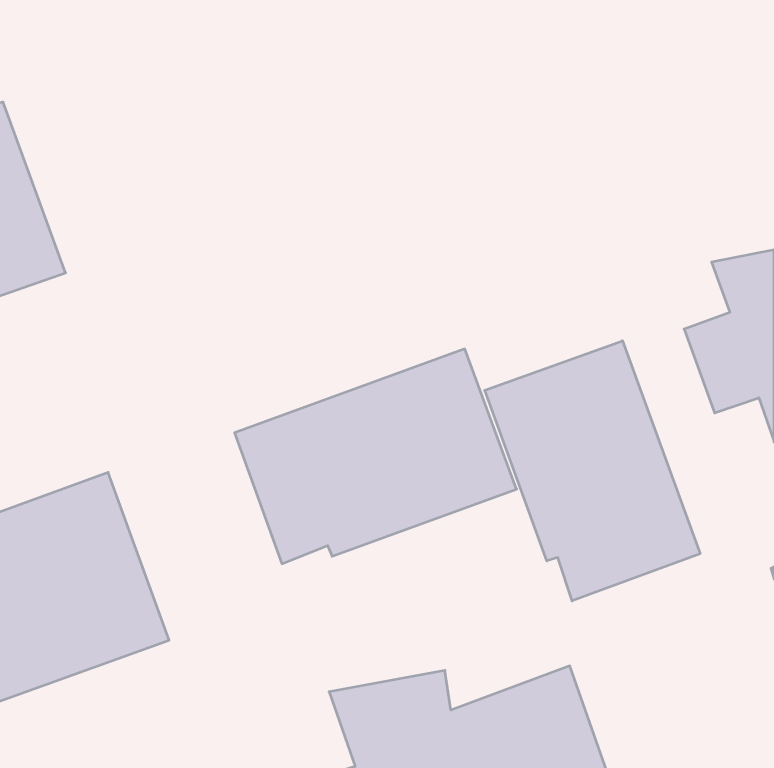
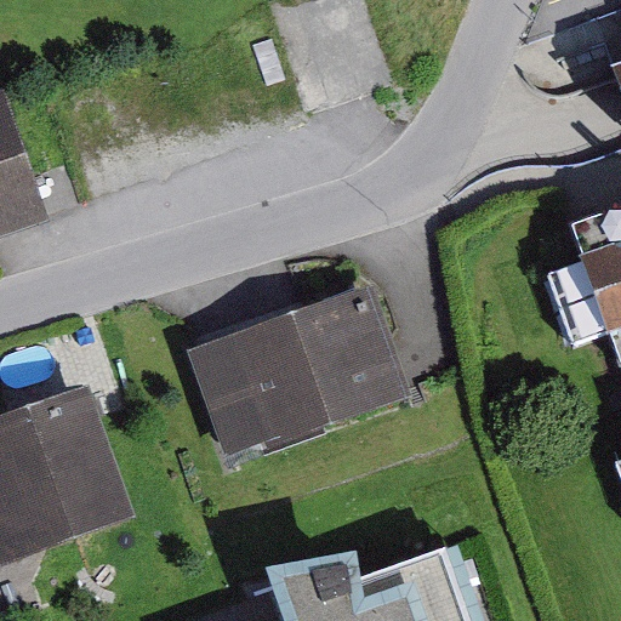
building: [485,341,700,601] -> none

